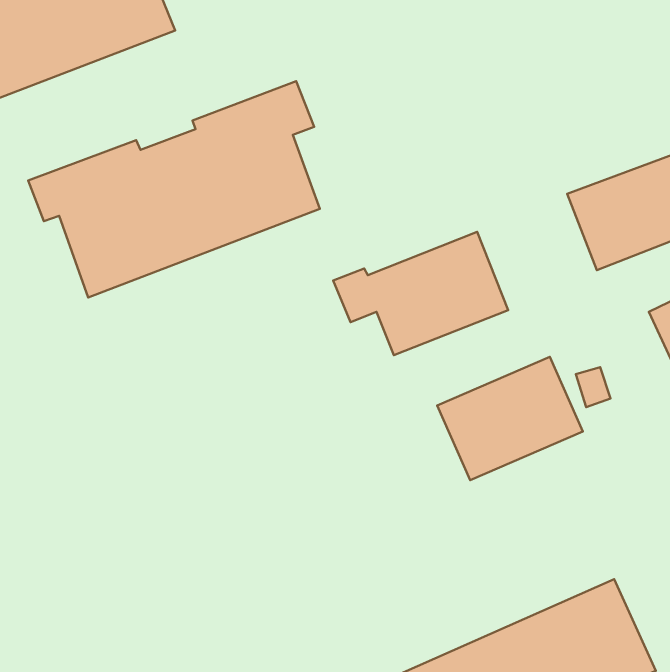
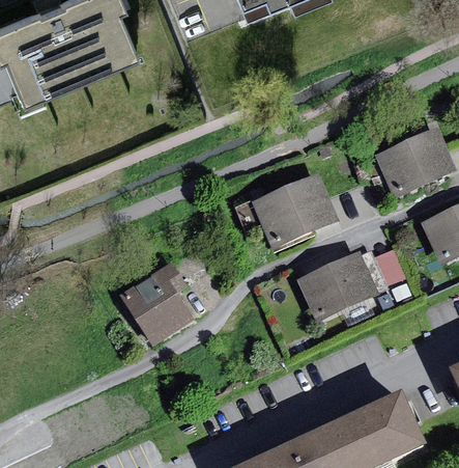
building: [28,81,320,298] -> none
building: none -> [122,267,206,349]

